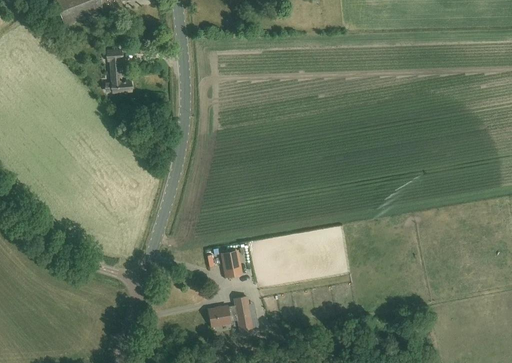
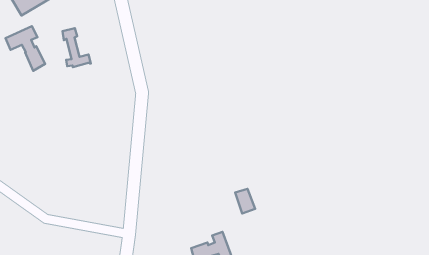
building: none -> [6,26,45,71]
building: [221,250,240,276] -> [235,189,255,214]

